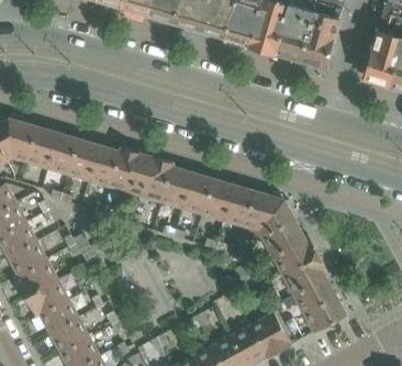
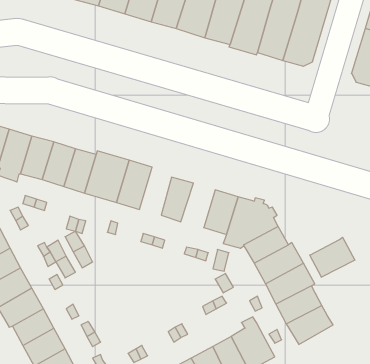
building: [161,166,192,209] -> none
building: [201,178,234,221] -> none
building: none -> [310,237,355,277]

